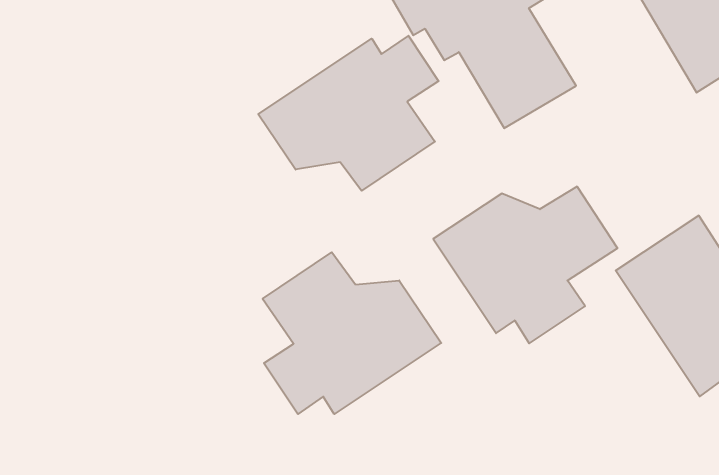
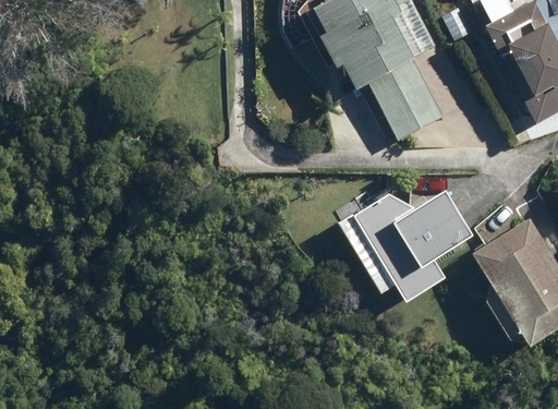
building: [258,36,439,191] -> none
building: [263,252,441,414] -> none

